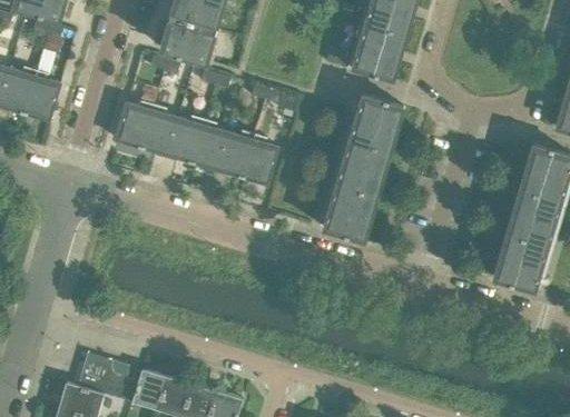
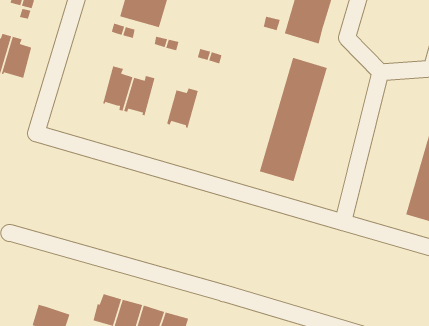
building: [114,101,151,149] -> none
building: [189,119,225,172] -> none
building: [239,133,276,183] -> none
building: [76,353,134,401] -> none

